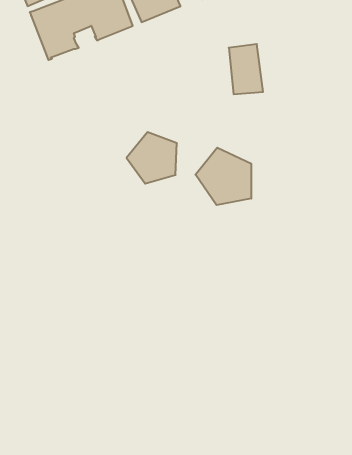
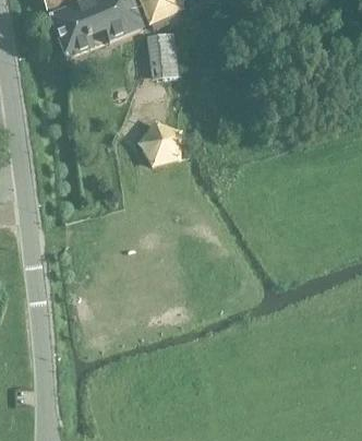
building: [229,44,263,94] -> [146,34,177,79]
building: [195,148,251,205] -> none

